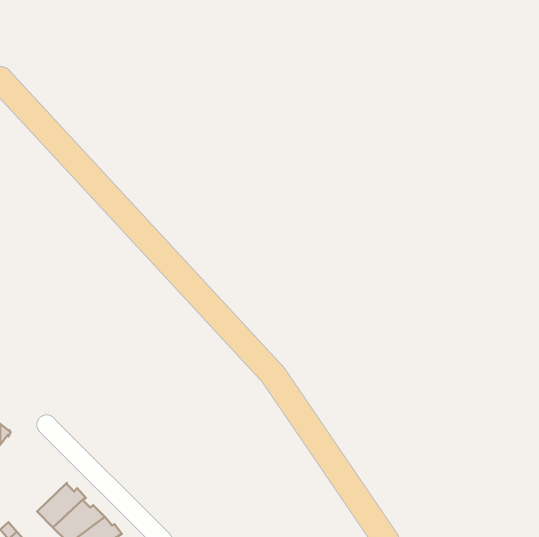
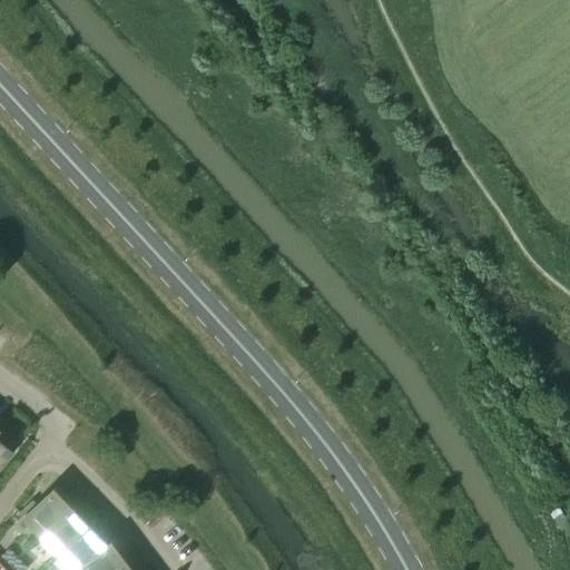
building: none -> [21,494,76,542]

